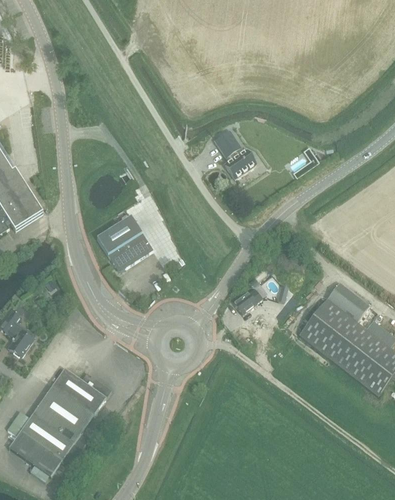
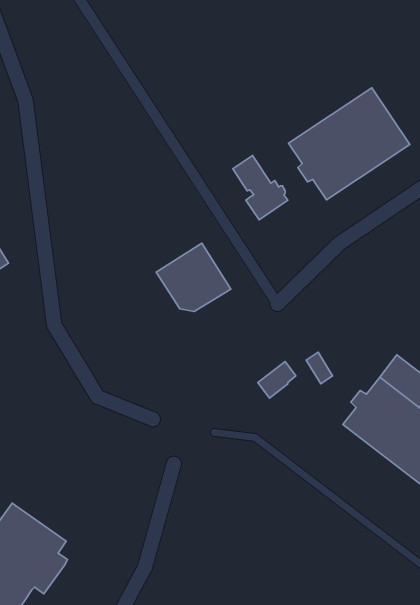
building: none -> [288,88,410,200]
building: [96,214,153,266] -> [156,243,231,311]
building: [46,367,111,423] -> none

